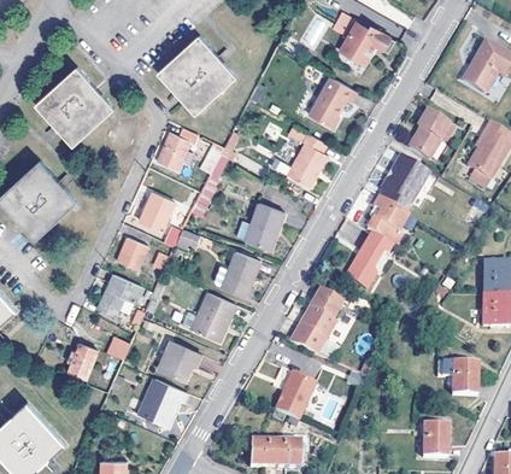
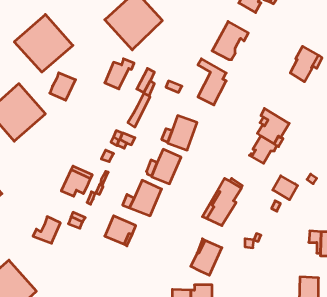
building: [381,156,430,206] -> none
building: [140,192,175,229] -> [50,73,76,100]
building: [117,236,147,270] -> none
building: [343,259,377,292] -> [273,176,298,200]
building: [139,379,187,426] -> none

